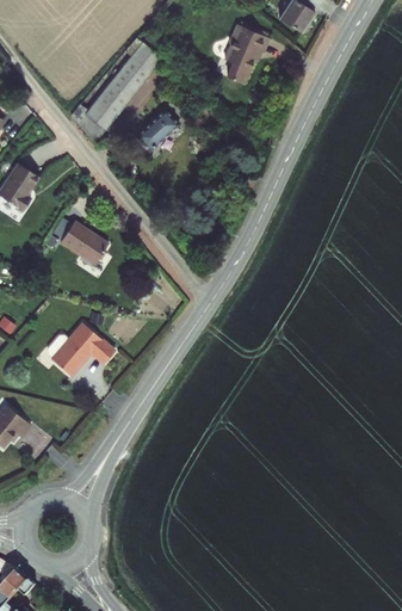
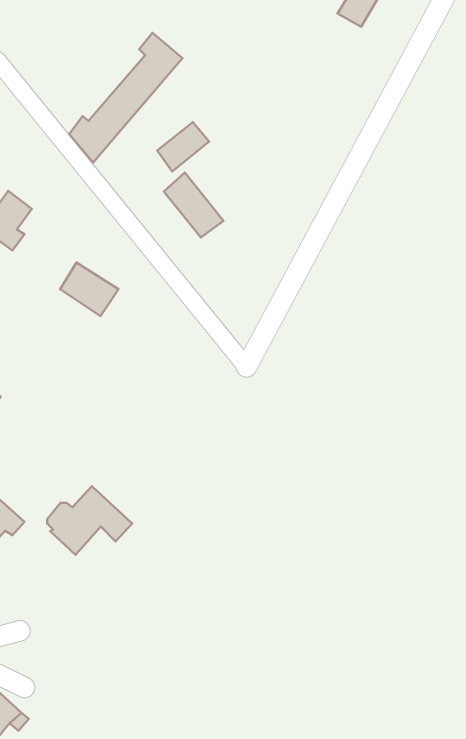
building: [225,29,266,70] -> none
building: none -> [164,172,223,238]
building: [49,315,117,370] -> [47,486,132,555]

